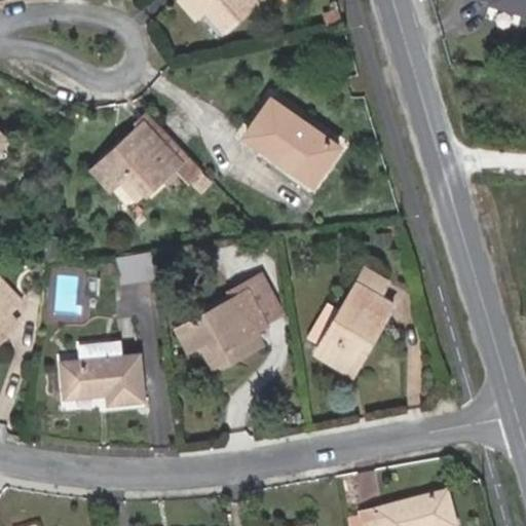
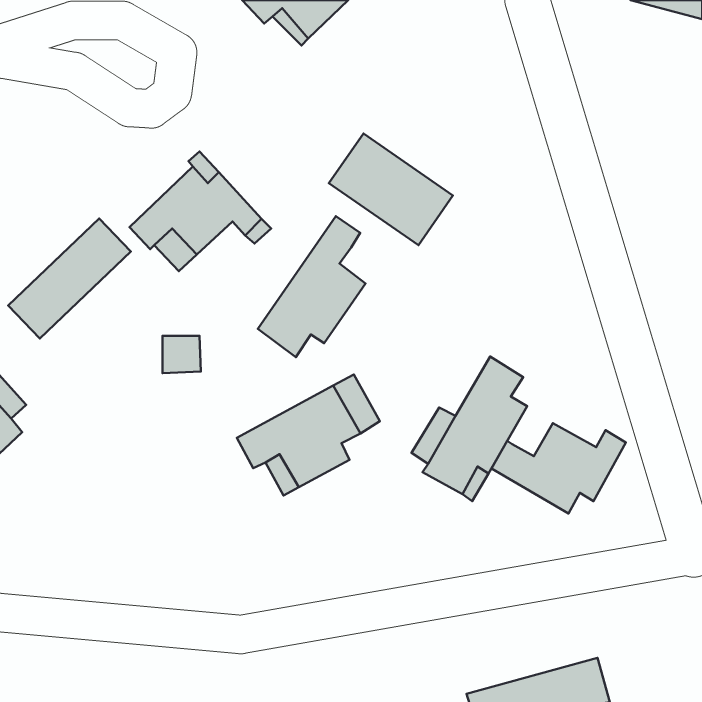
building: none -> [258,216,365,357]
building: none -> [8,218,131,339]
building: none -> [491,423,626,513]
building: [62,342,141,404] -> none

